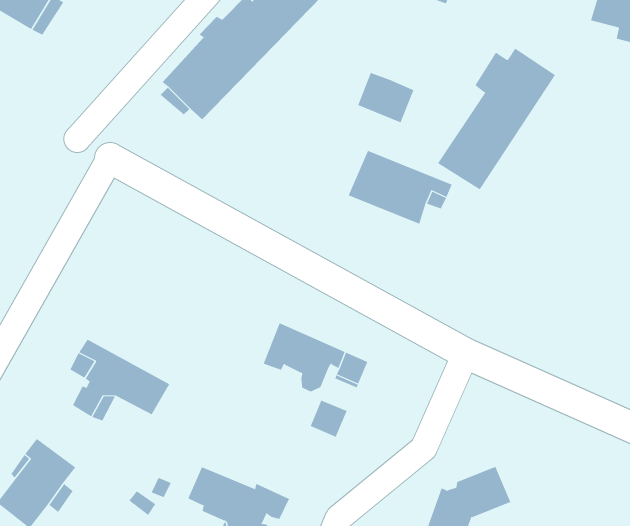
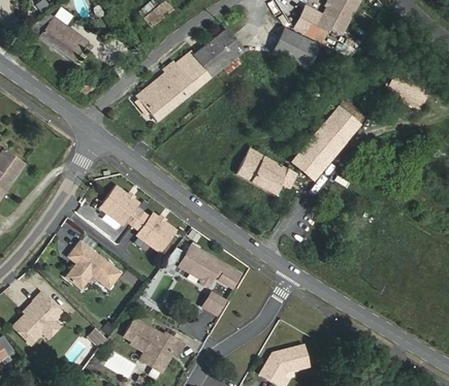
building: [357,72,414,123] -> none
building: none -> [99,185,174,250]

